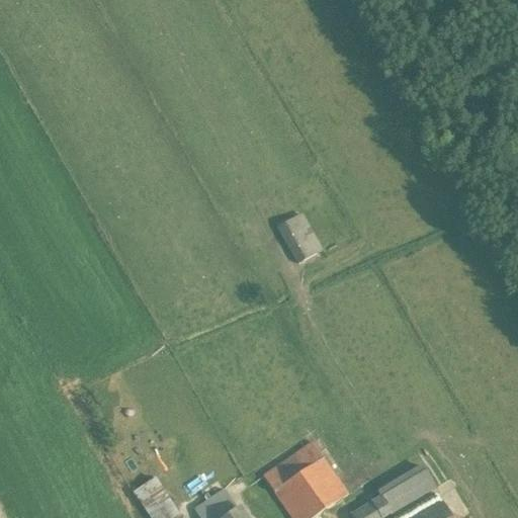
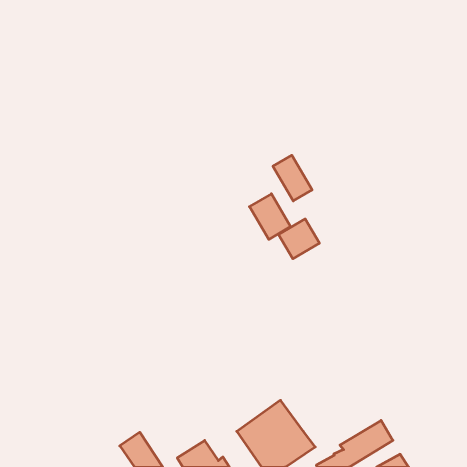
building: none -> [273,155,312,201]
building: none -> [279,219,319,259]

